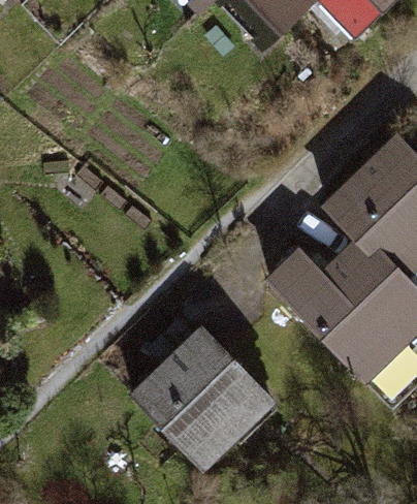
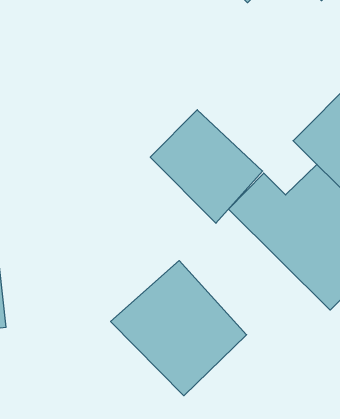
building: none -> [150,110,263,223]

